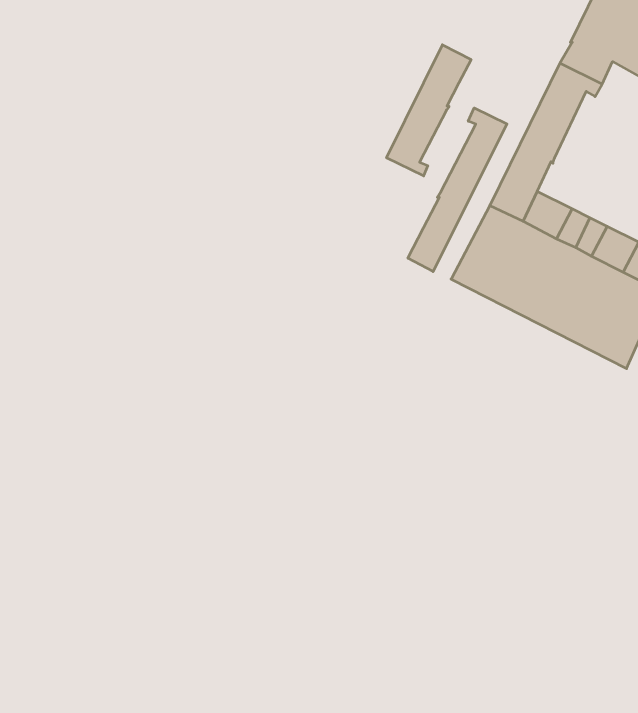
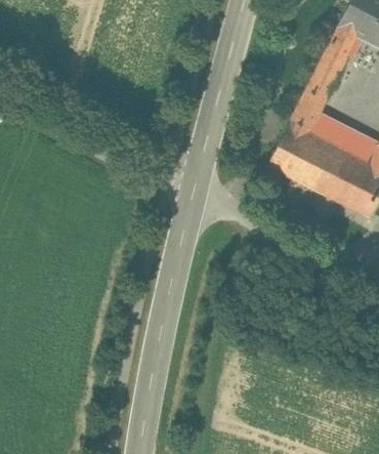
building: [387,45,471,176] -> none
building: [408,108,507,272] -> none

